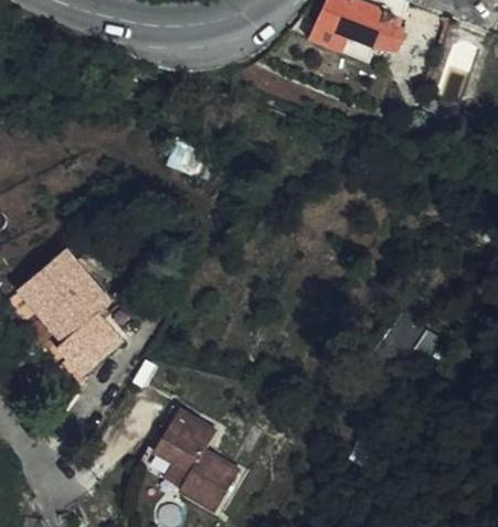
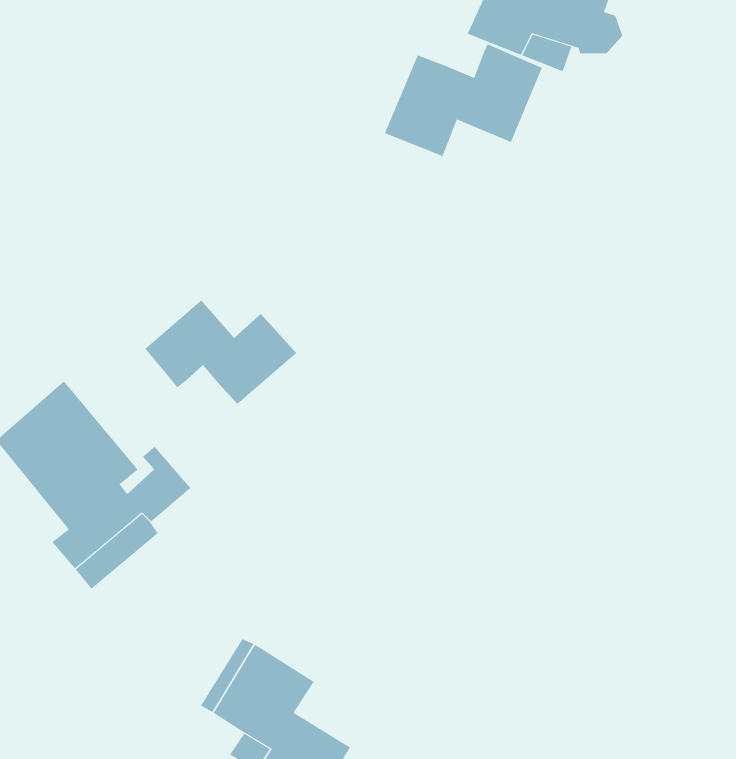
building: none -> [384,44,543,157]
building: none -> [145,299,297,405]

